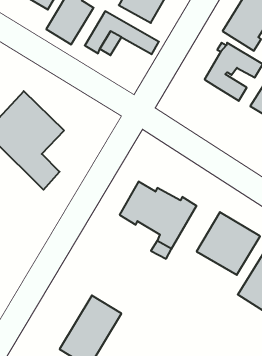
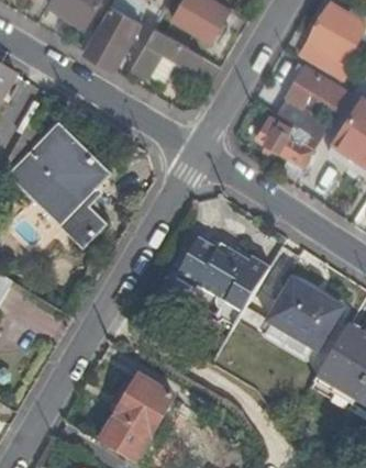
building: none -> [257,119,320,165]

